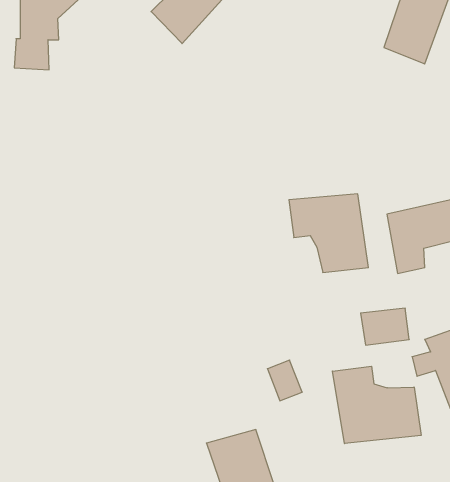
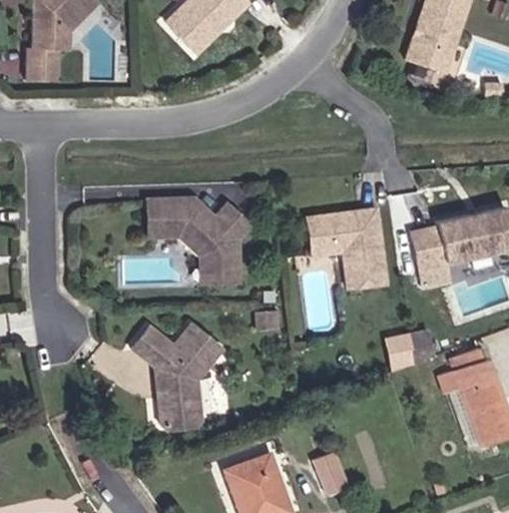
building: none -> [146,192,252,287]
building: none -> [129,322,223,431]
building: [267,360,302,401] -> [309,447,345,489]
building: [332,366,421,444] -> none

